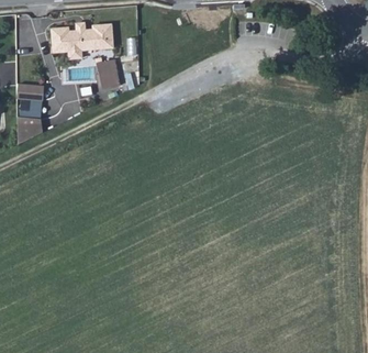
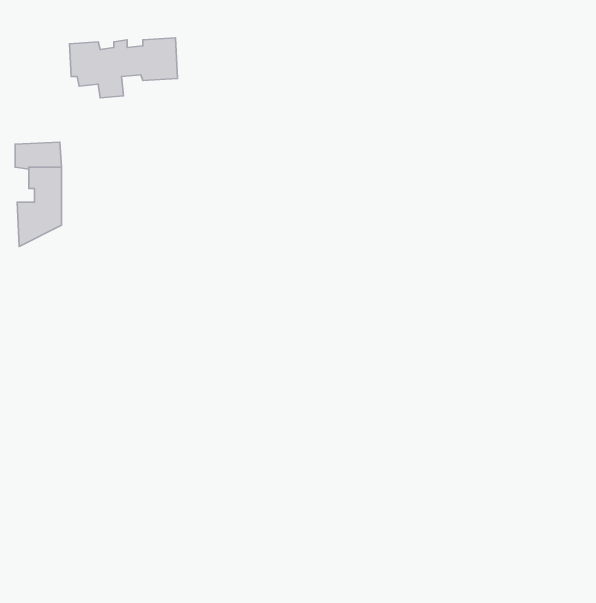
building: [94,59,118,89] -> none

